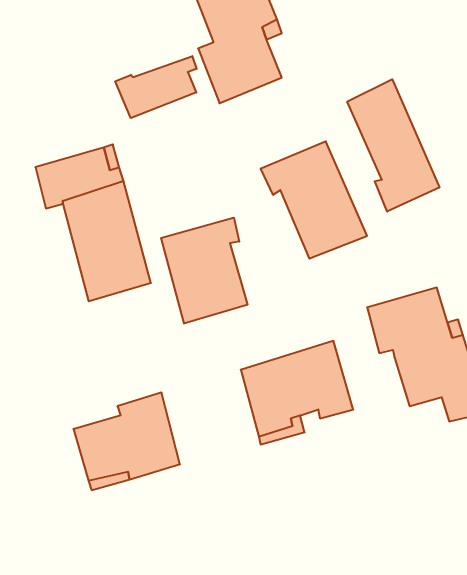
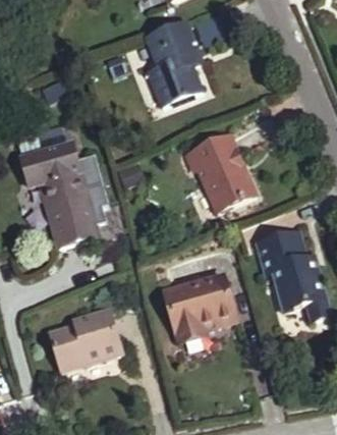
building: [115,56,197,118] -> none
building: [347,79,439,212] -> none
building: [161,218,247,324] -> none

